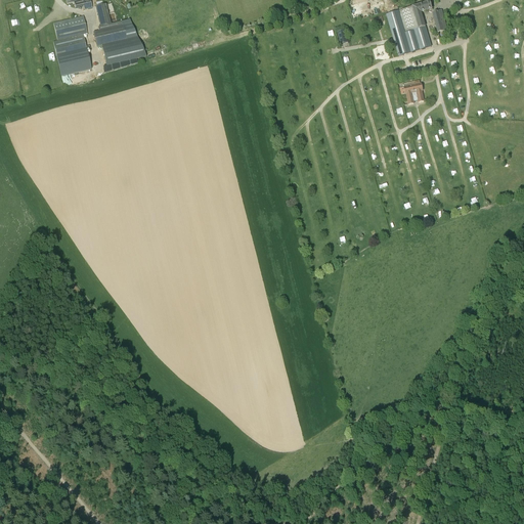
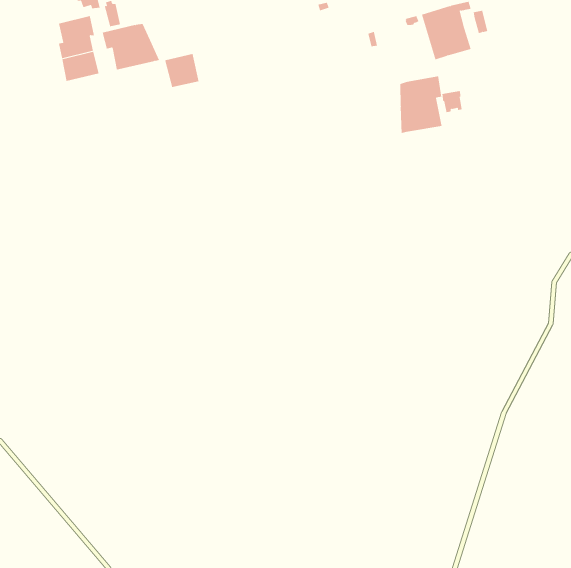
building: none -> [165,53,199,88]
building: none -> [400,76,442,134]

